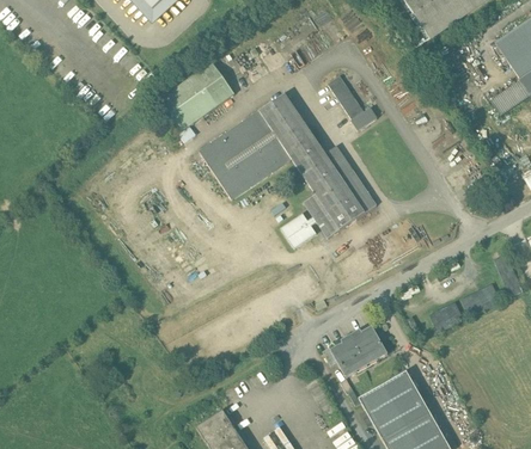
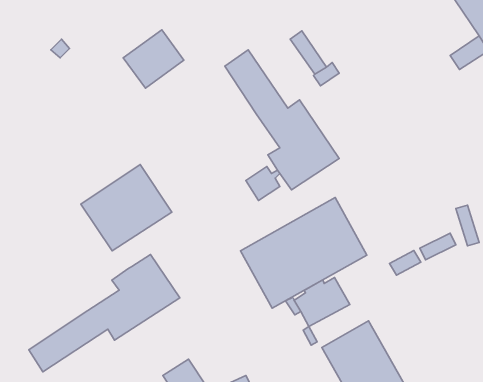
building: [195,61,234,104] -> none
building: [199,110,292,198] -> [81,164,172,251]
building: none -> [240,198,367,308]
building: none -> [29,255,180,372]

